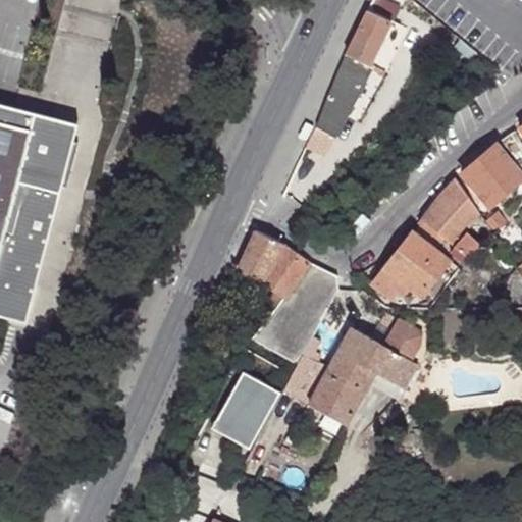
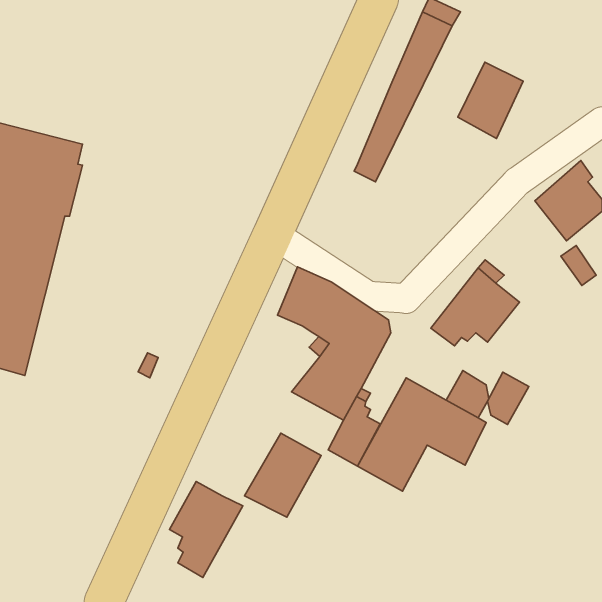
building: none -> [458,62,523,138]
building: [421,179,481,246] -> none
building: none -> [488,372,529,424]
building: none -> [170,481,243,577]

